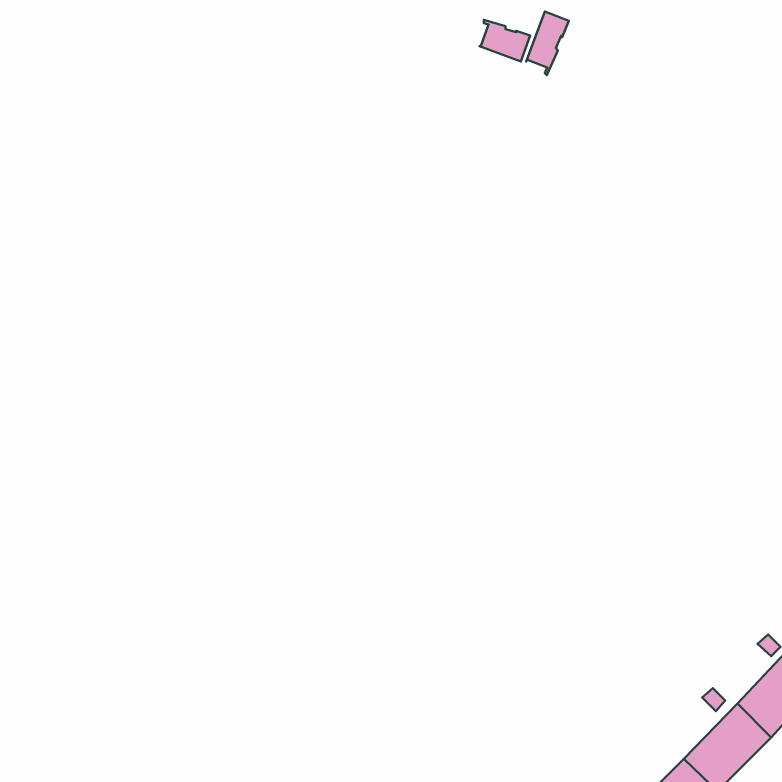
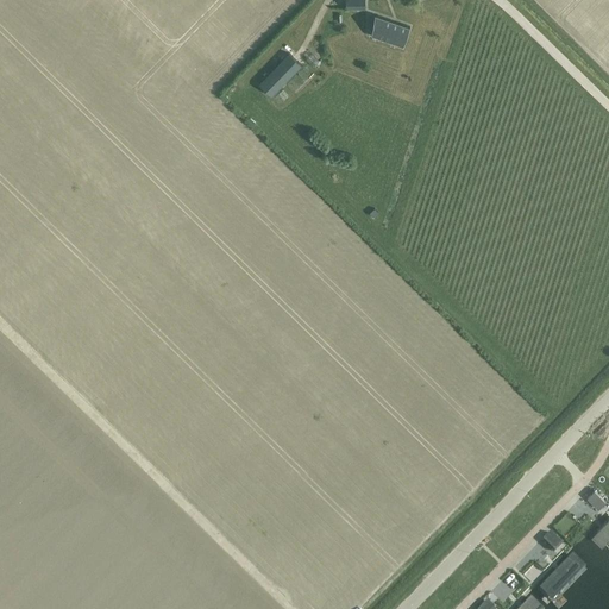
building: [526,11,569,75] -> none
building: none -> [262,56,303,98]

